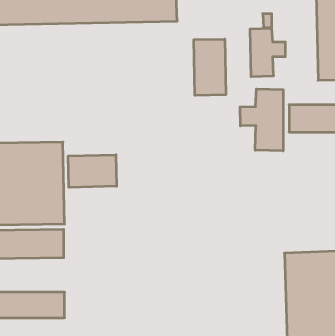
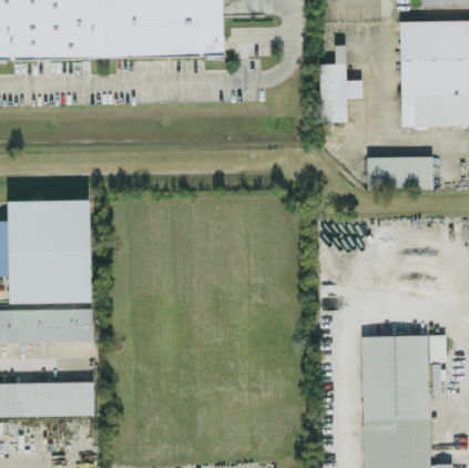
building: [194,39,226,95] -> none
building: [240,89,283,151] -> none
building: [68,155,117,187] -> none

